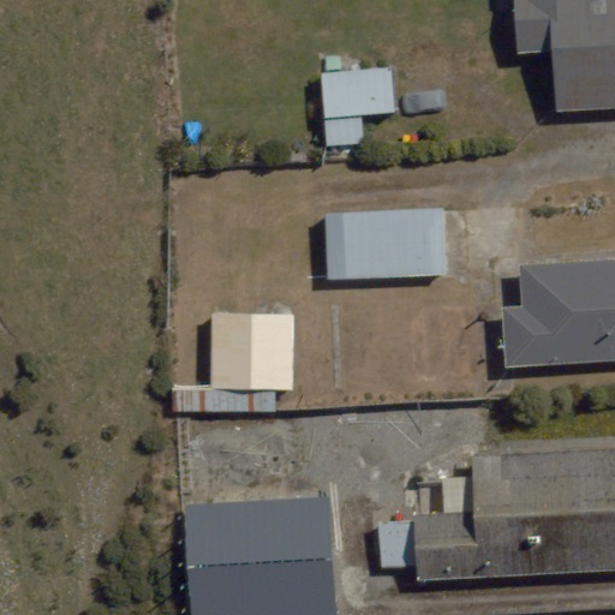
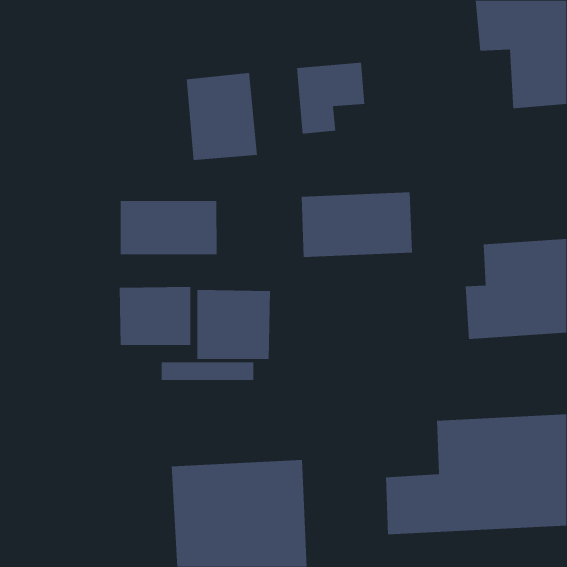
building: none -> [186,72,258,161]
building: none -> [120,200,217,255]
building: none -> [119,286,191,346]

